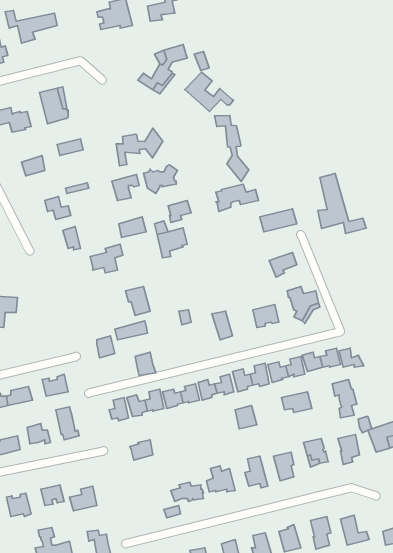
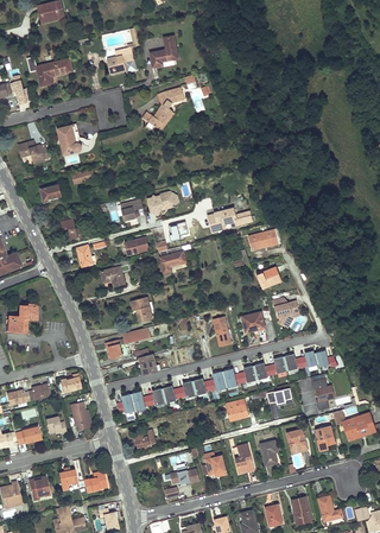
building: [185,72,233,111] -> none
building: [214,115,249,182] -> none
building: [116,128,163,166] -> none
building: [318,173,366,233] -> none

